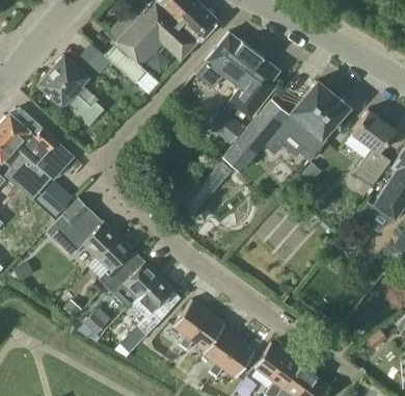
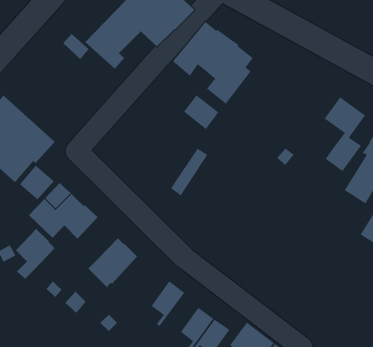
building: [37,55,103,126] -> none
building: [222,82,347,173] -> none
building: [97,235,138,288] -> [15,228,55,279]
building: [132,275,180,335] -> none
building: [182,313,224,351] -> none

